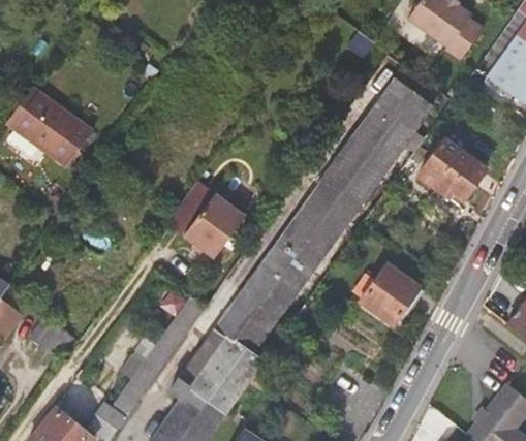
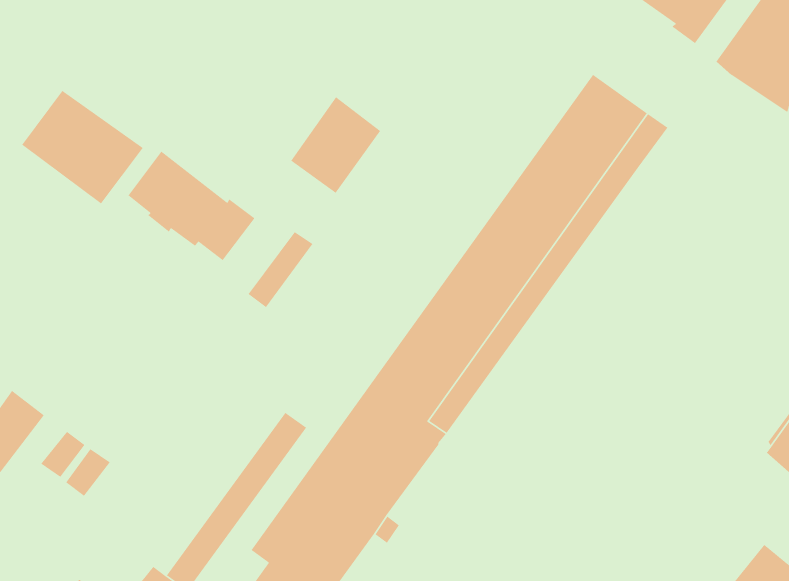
building: none -> [127,150,256,261]
building: [415,140,483,200] -> none
building: [184,193,244,257] -> [290,96,381,194]
building: [358,263,415,323] -> none

